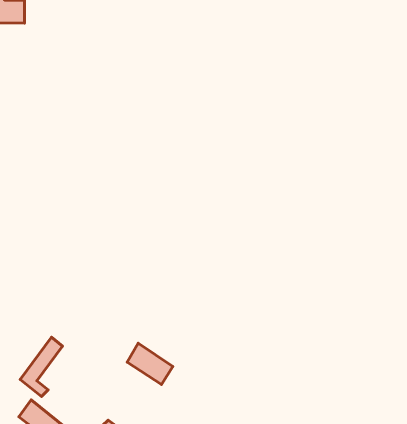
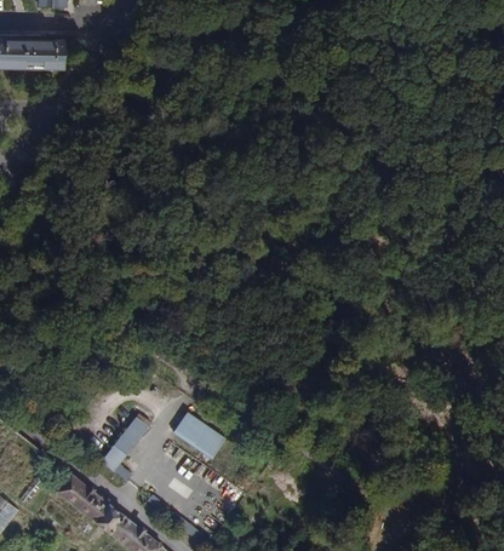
building: [20,337,63,396] -> [101,417,147,481]

